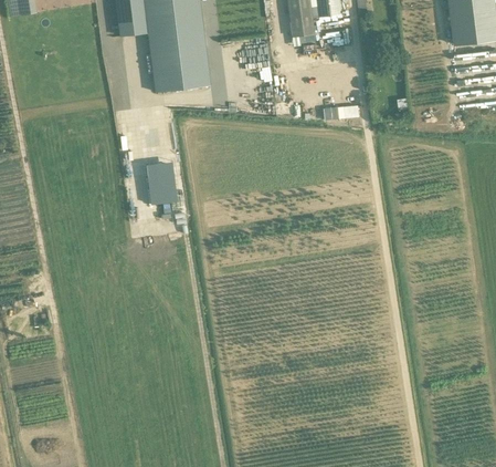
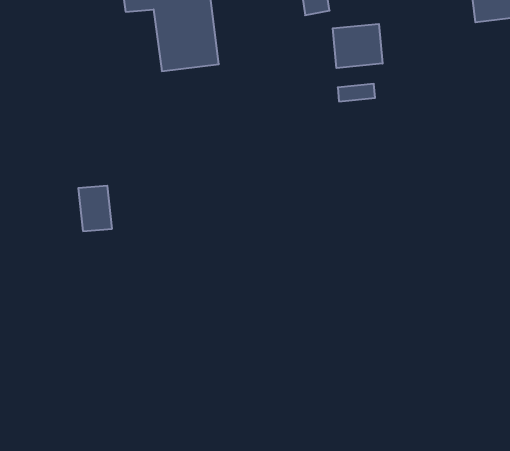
building: none -> [333,24,383,68]
building: [143,160,175,204] -> [78,186,112,231]

